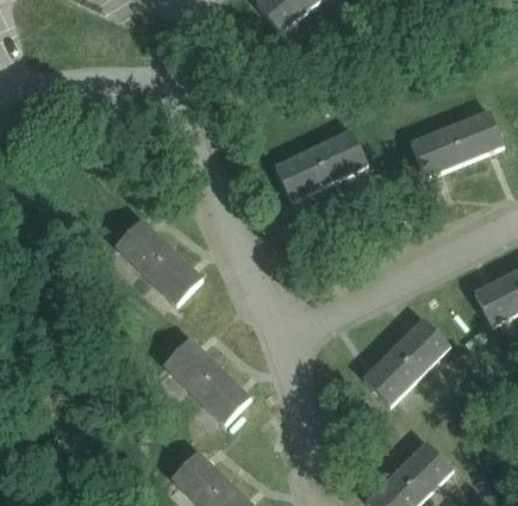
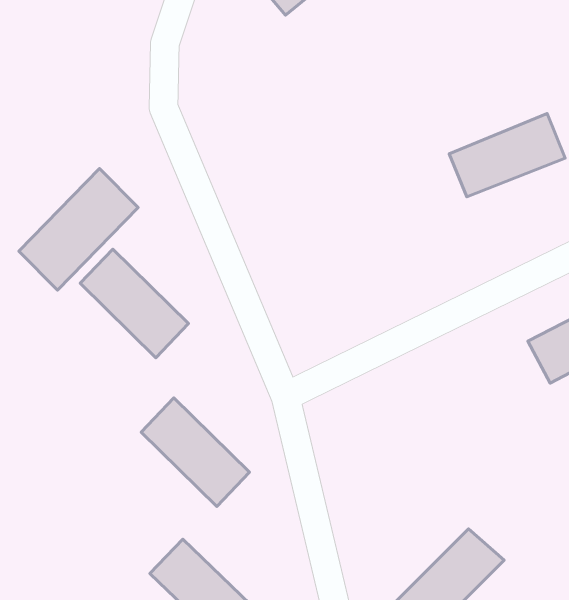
building: [274,130,367,200] -> none
building: none -> [19,169,138,290]
building: [362,318,449,405] -> none

